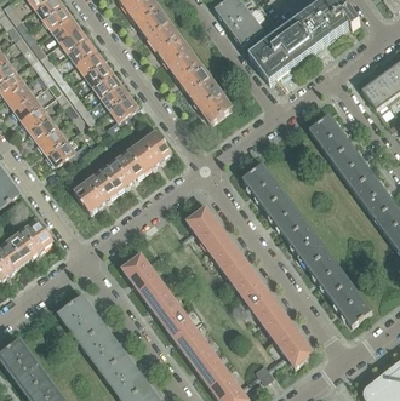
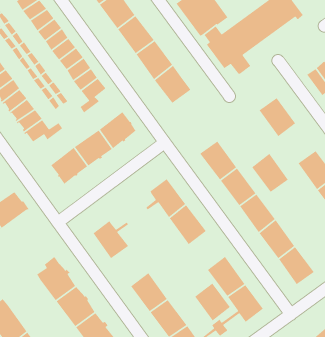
building: [330,143,372,188] -> [251,153,289,193]
building: [229,264,270,308] -> [194,282,231,321]
building: [142,281,184,326] -> none

